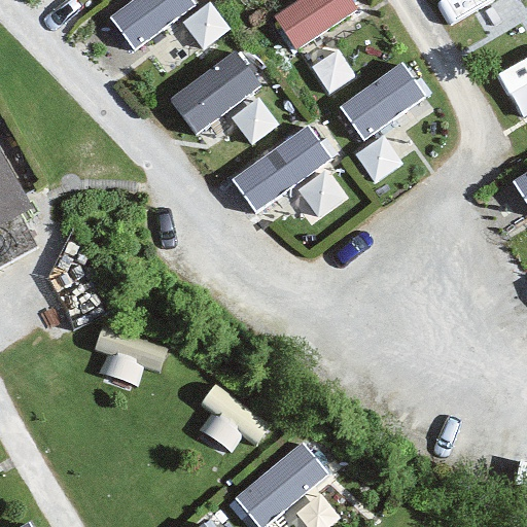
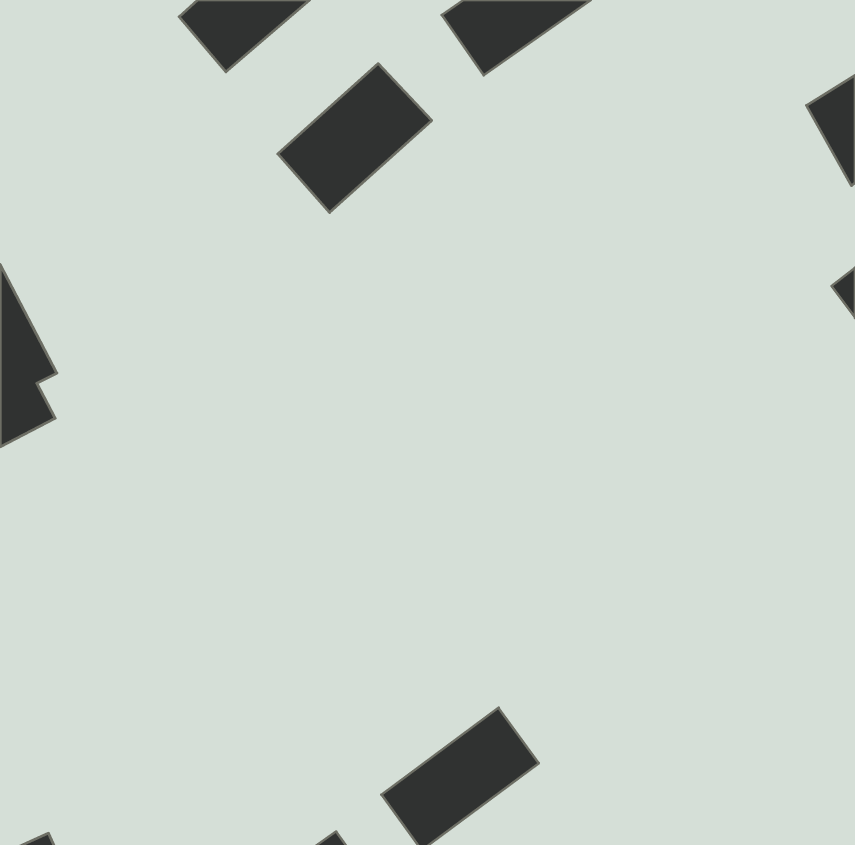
building: [340,65,427,135] -> none
building: [230,121,332,211] -> none

